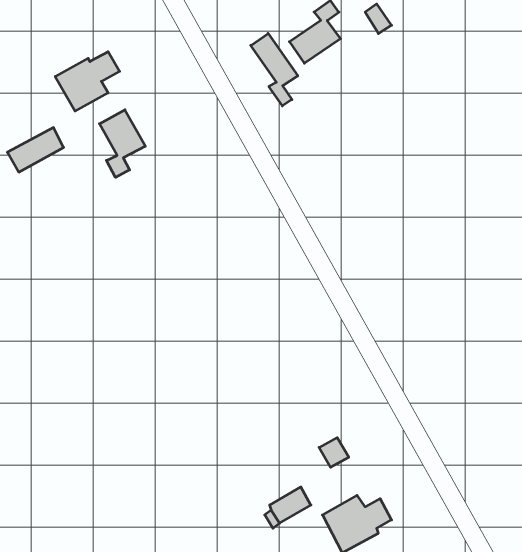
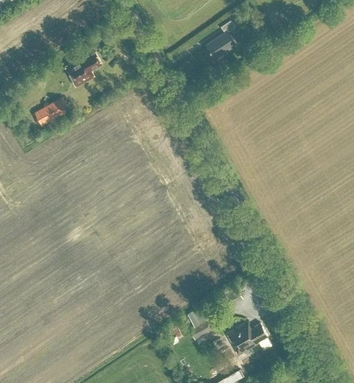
building: [251,33,298,106] -> none
building: [99,110,145,177] -> none

